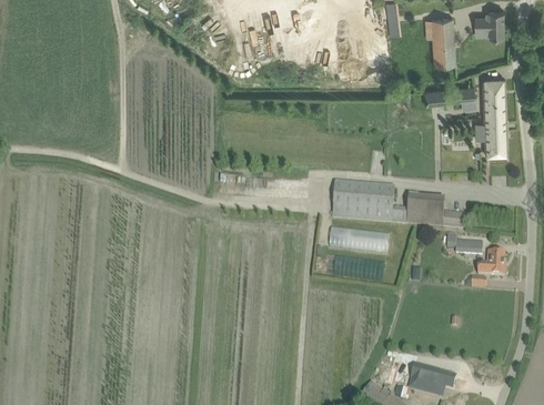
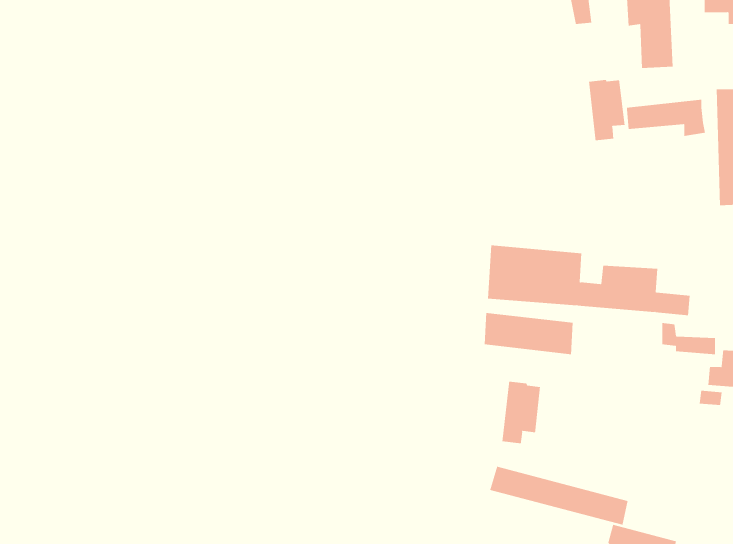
building: none -> [588,79,625,141]
building: none -> [502,381,540,444]
building: none -> [489,466,628,526]

